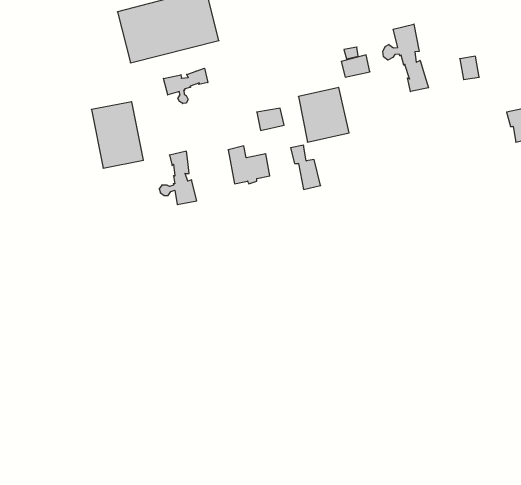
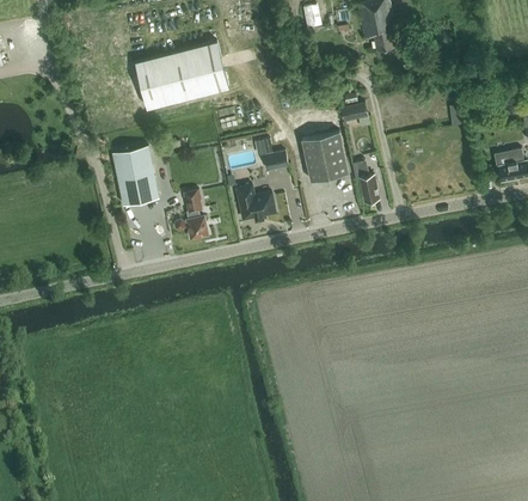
building: [383,24,429,92] -> none
building: [163,68,208,104] -> none
building: [291,145,321,189] -> [352,163,380,203]

